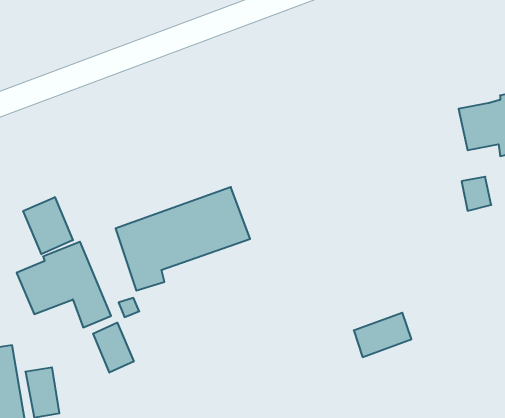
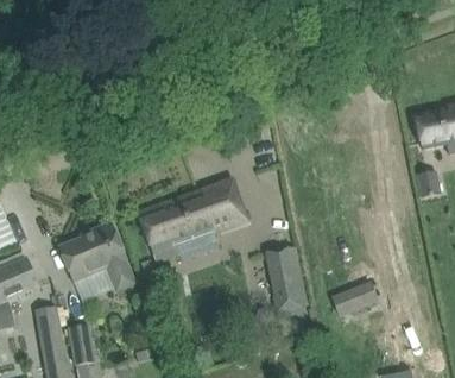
building: [23,197,73,254] -> none
building: none -> [265,247,307,311]
building: [93,323,134,373] -> none

